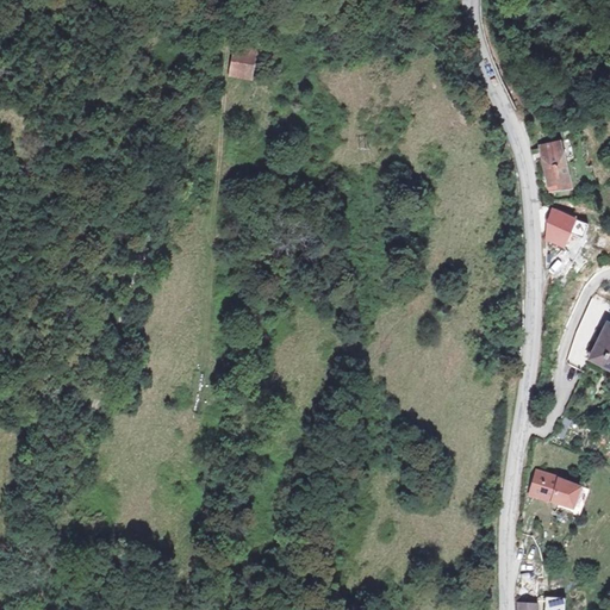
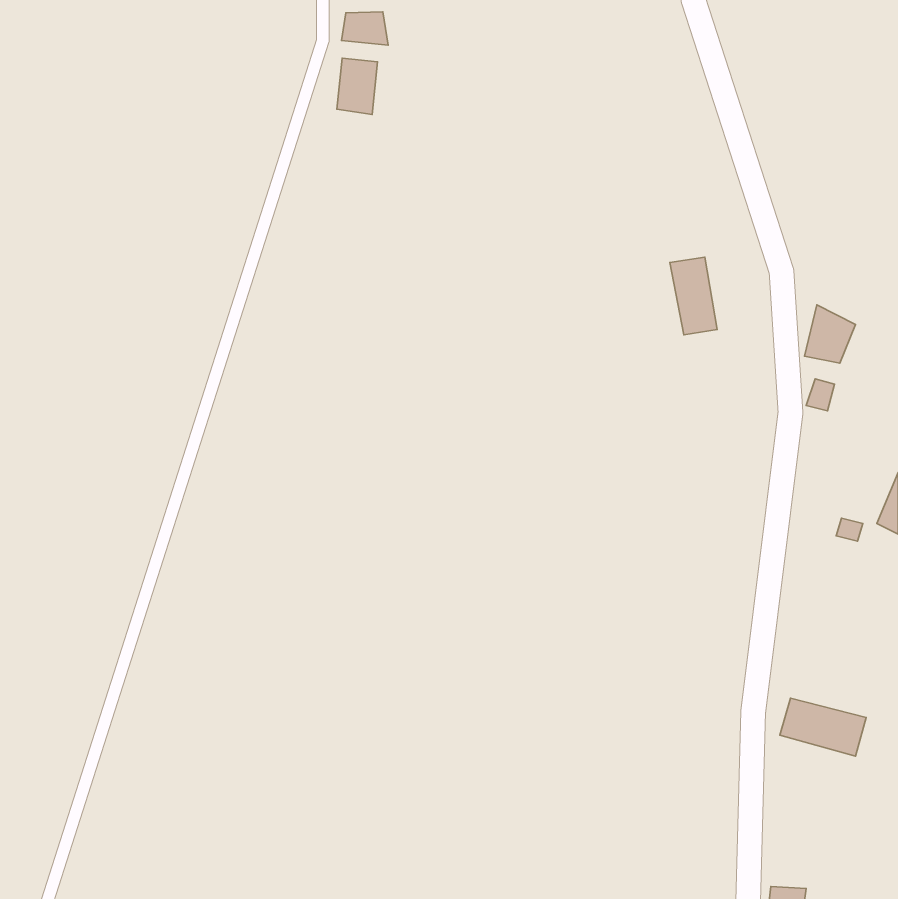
building: none -> [342,12,388,45]
building: [540,138,572,191] -> [670,257,717,335]

